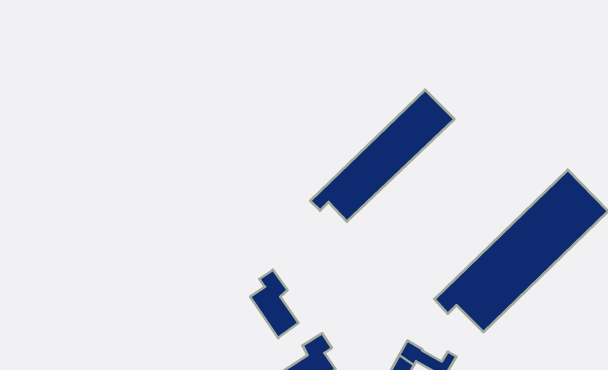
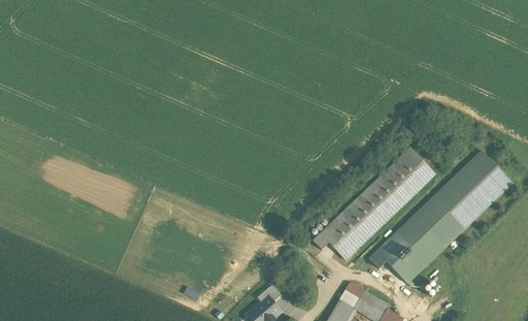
building: [310,90,454,222] -> [314,147,435,258]
building: [250,270,298,338] -> none

